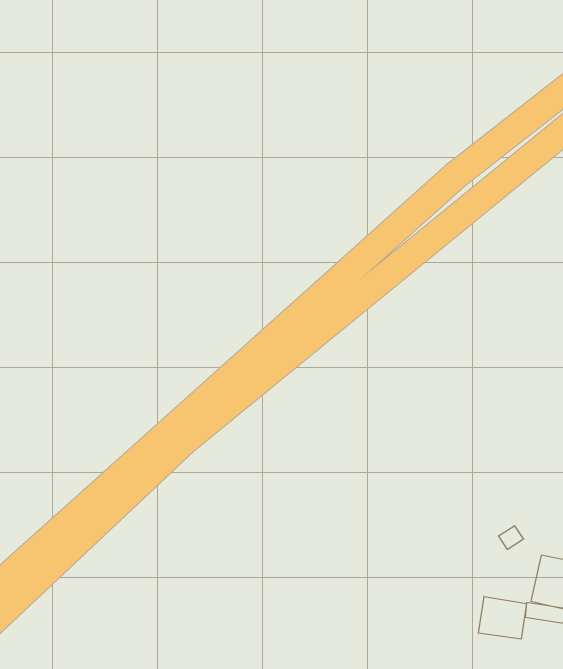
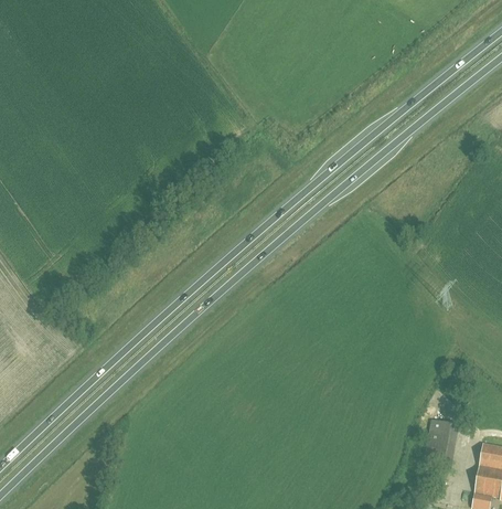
building: [478,596,526,639] -> none

